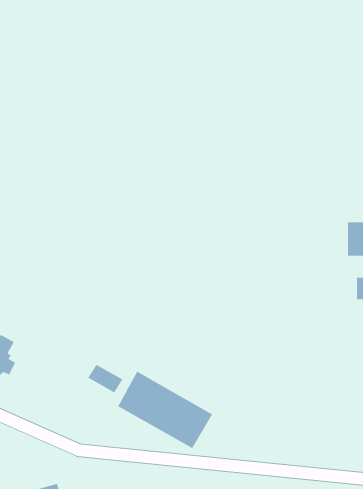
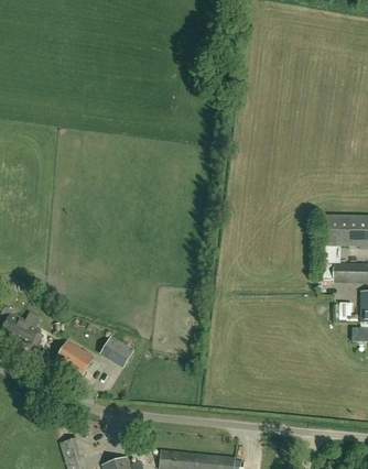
building: none -> [55,341,94,377]
building: [117,370,213,449] -> none

